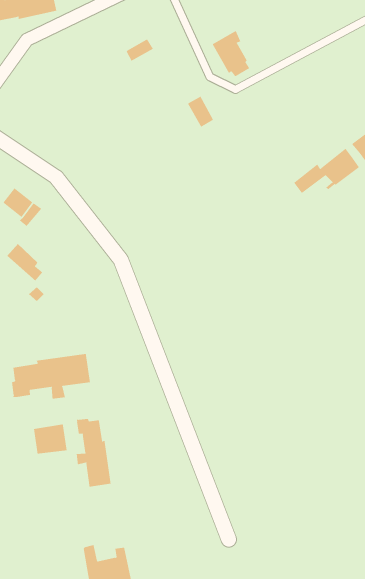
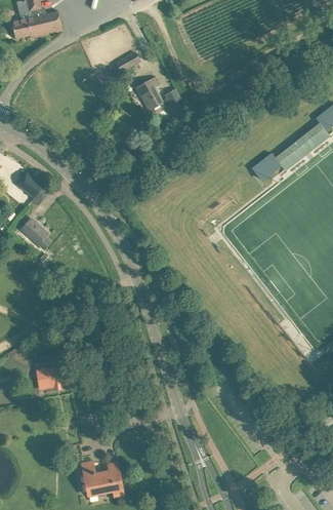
building: [212,30,250,77] -> [133,76,164,114]
building: [12,353,90,399] -> none
building: [76,418,111,488] -> none

